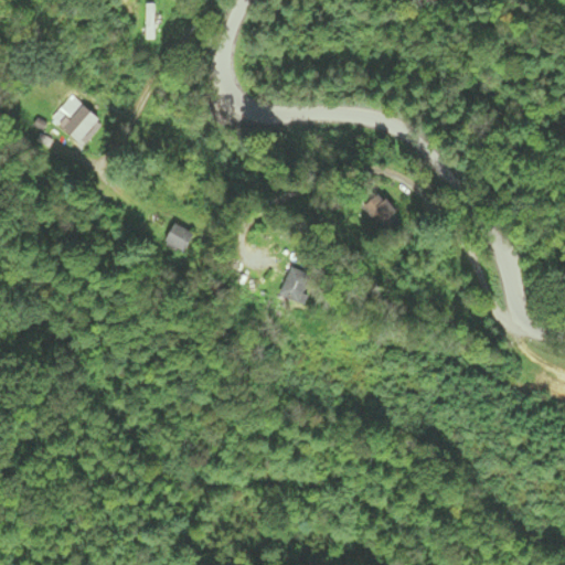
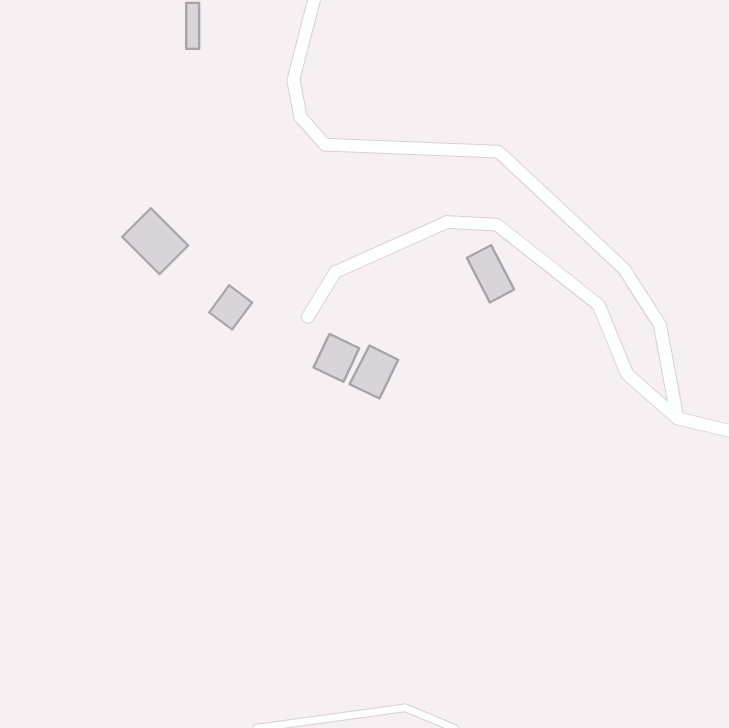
building: [52,95,103,146] -> [122,208,188,274]
building: none -> [313,334,359,382]

